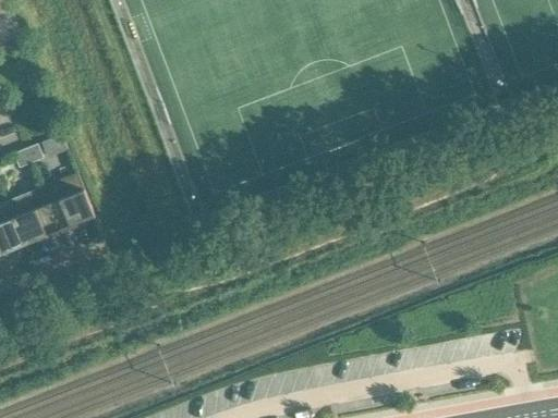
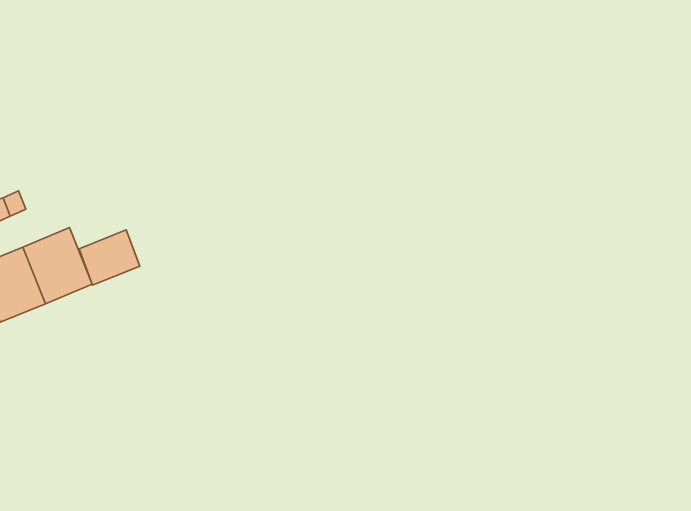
building: none -> [79,230,140,285]

